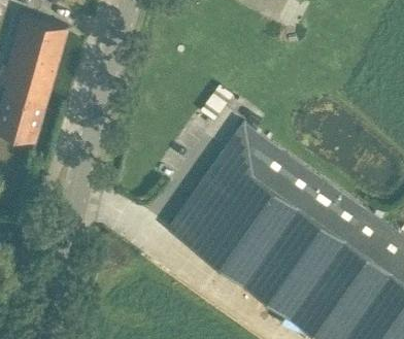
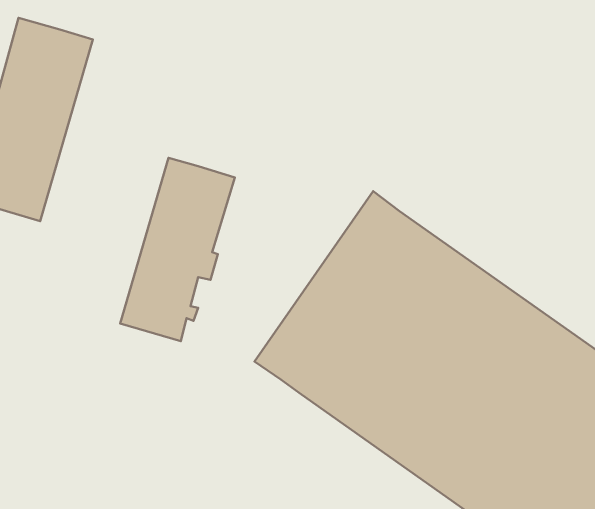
building: none -> [120,158,235,341]

